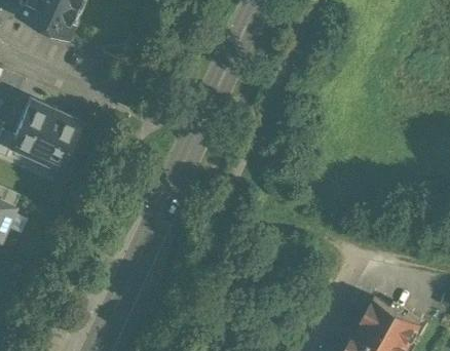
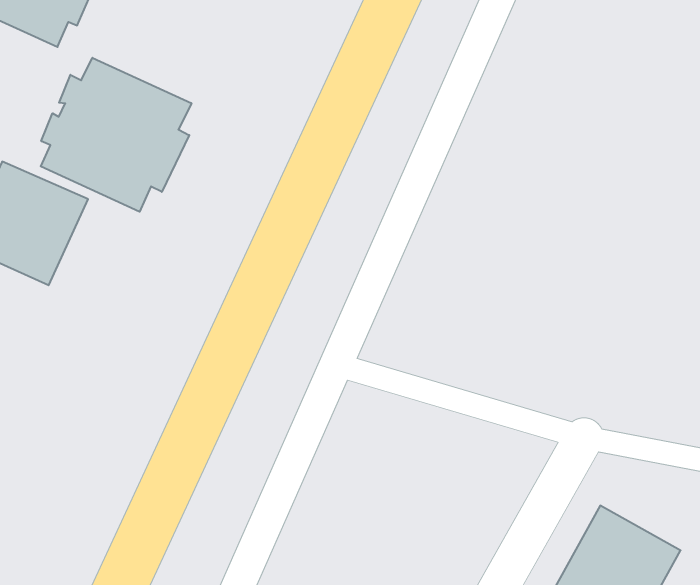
building: none -> [41,58,191,212]

